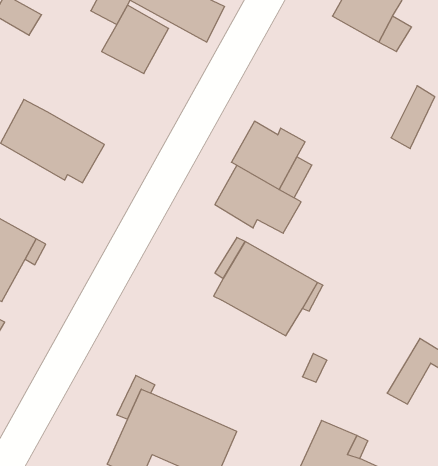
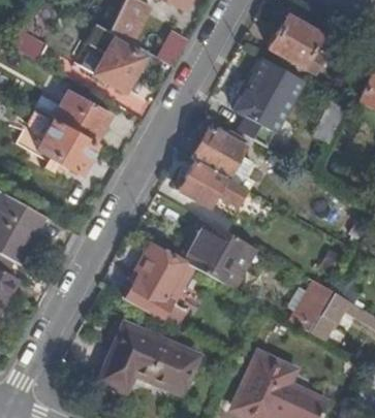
building: none -> [233,57,303,144]
building: none -> [53,89,113,143]
building: none -> [122,244,185,319]
building: none -> [291,280,335,331]

